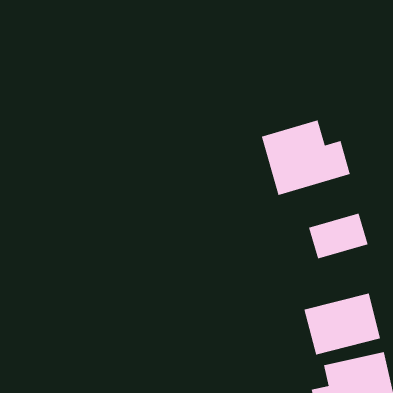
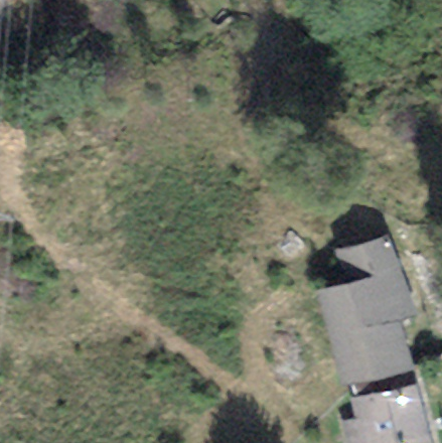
building: [261,120,351,196] -> none
building: none -> [317,268,417,338]

